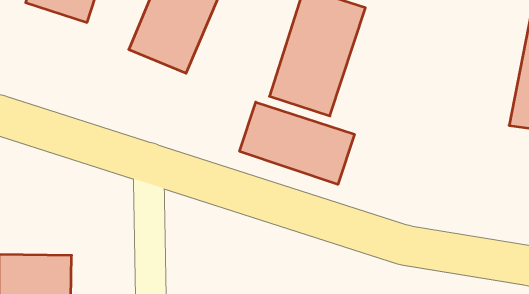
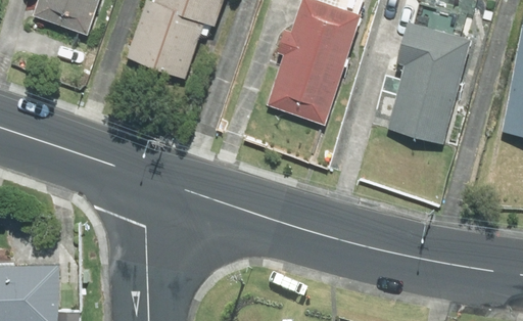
building: none -> [381,27,471,149]
building: [240,102,354,184] -> none

